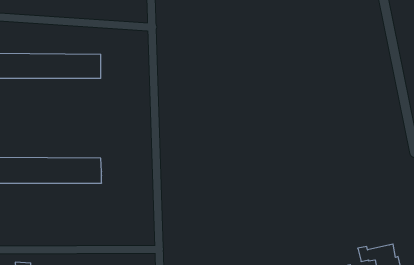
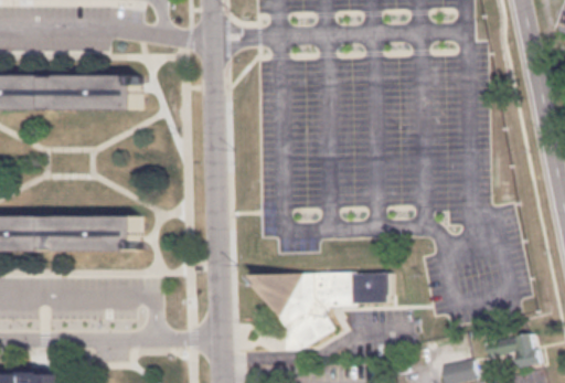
building: none -> [250,270,387,350]

